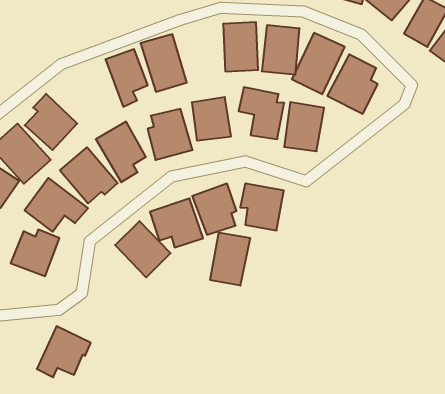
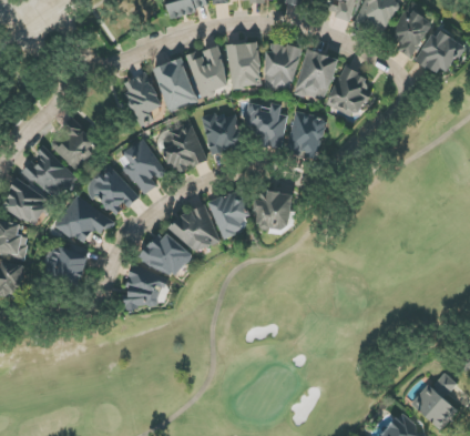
building: none -> [186,47,228,94]
building: [210,233,250,286] -> none
building: [37,326,91,377] -> [120,265,167,312]

